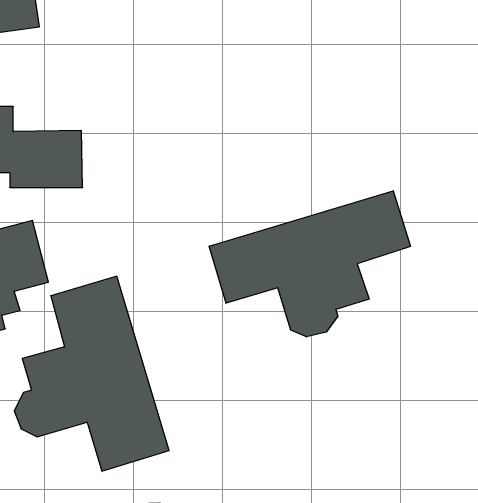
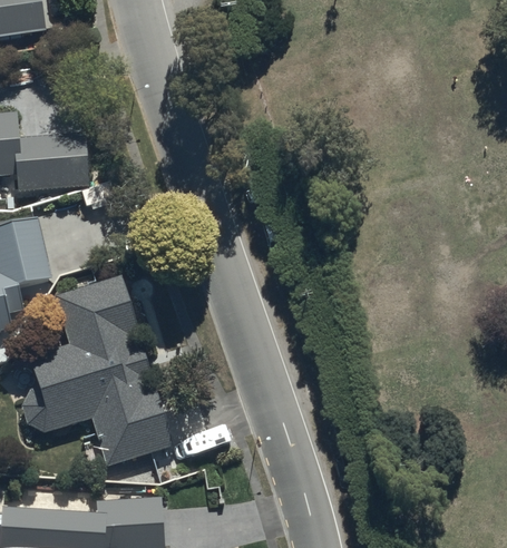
building: [209,191,411,337] -> none

